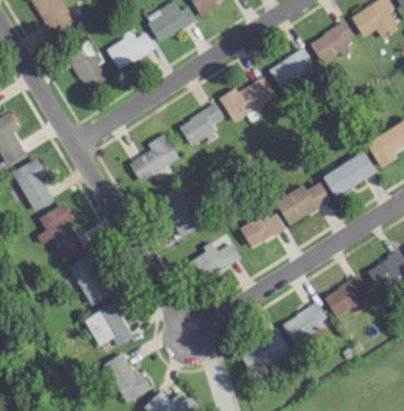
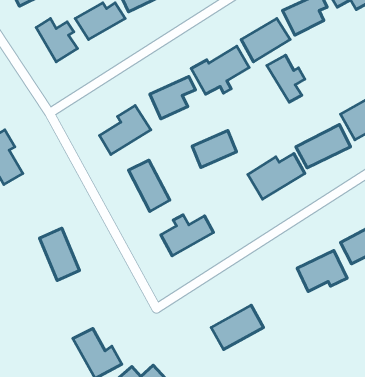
building: none -> [267,55,305,102]
building: [37,202,83,259] -> none
building: [240,210,284,246] -> [192,131,237,167]
building: [282,301,329,343] -> none
building: [85,302,133,346] -> none

